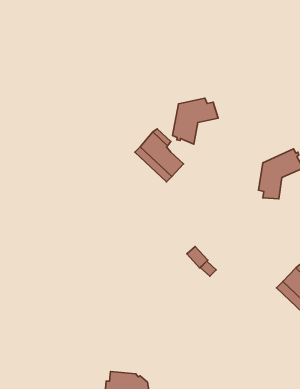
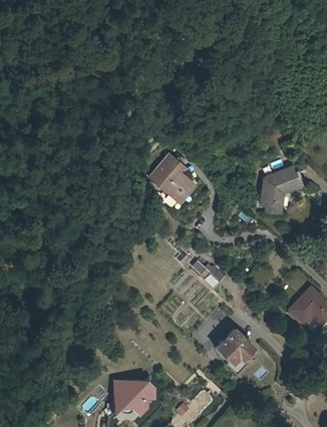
building: [172,98,218,144] -> none
building: none -> [215,326,253,361]

